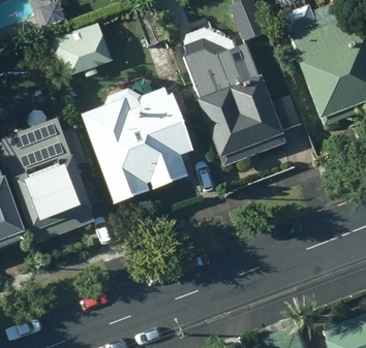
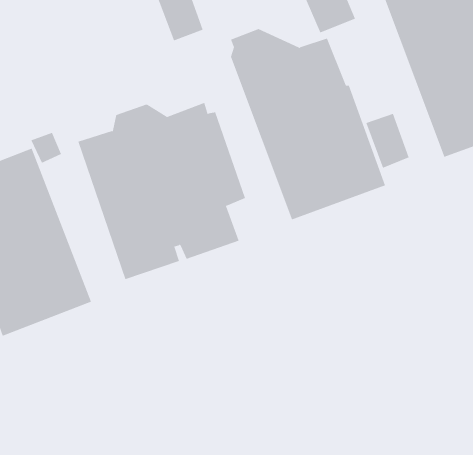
building: [53,26,111,78] -> none

